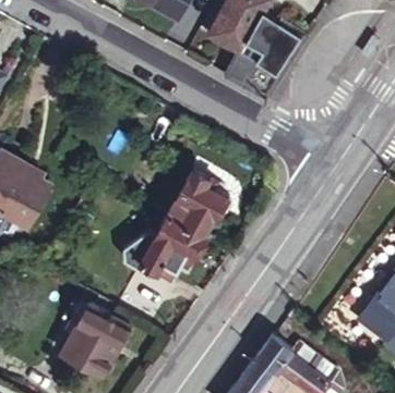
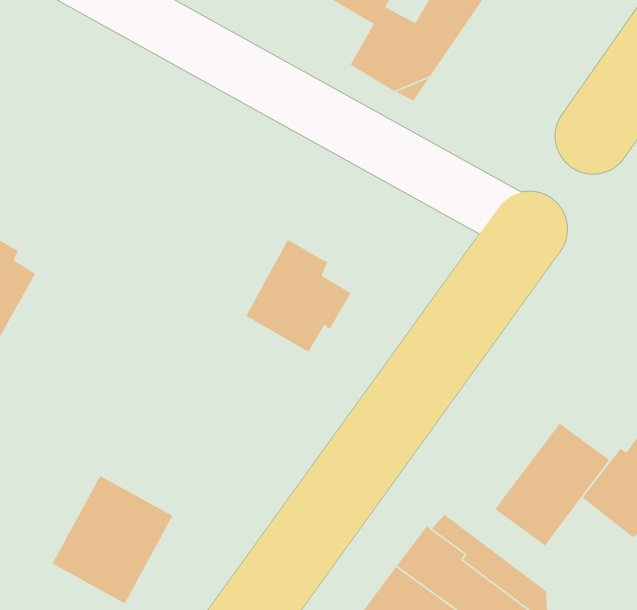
building: [140,217,204,279] -> none
building: none -> [494,422,610,547]

